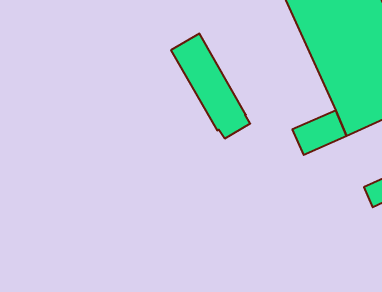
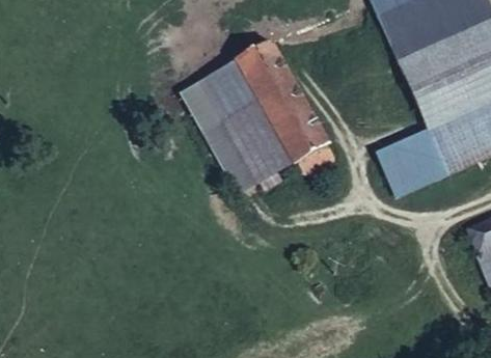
building: none -> [183,62,292,188]

